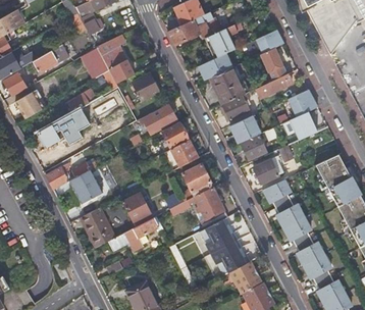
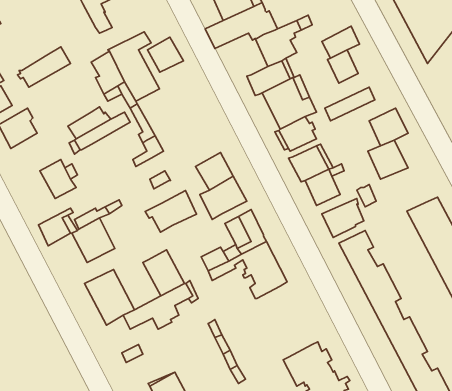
building: [133,73,159,99] -> [147,37,184,72]
building: [139,103,176,134] -> [145,191,197,232]
building: [205,219,247,271] -> none

